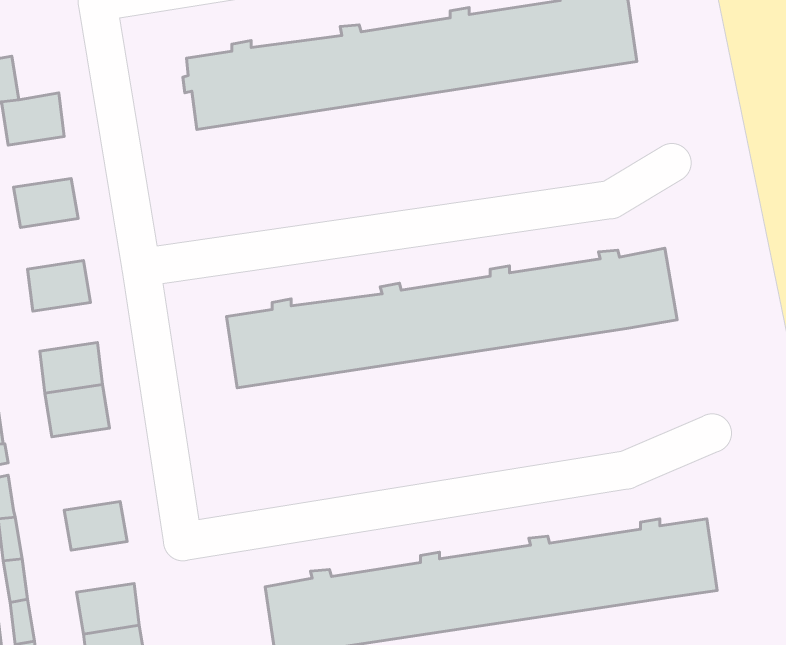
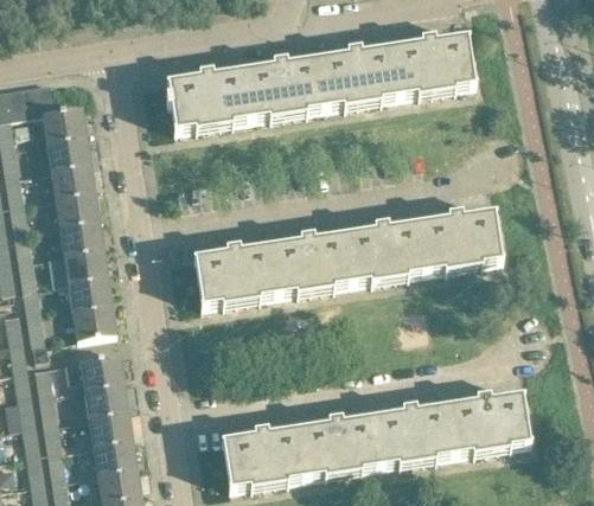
building: none -> [46,132,89,166]
building: none -> [55,187,97,222]
building: none -> [49,244,107,280]
building: none -> [63,350,122,385]
building: none -> [89,406,132,441]

